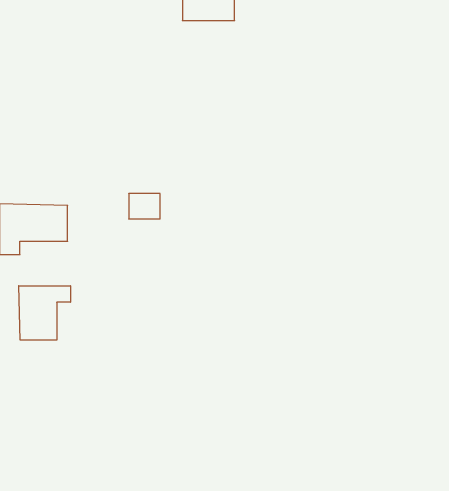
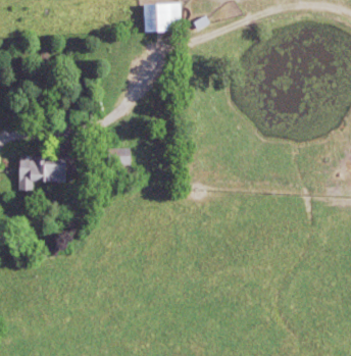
building: [19,286,70,340] -> none

